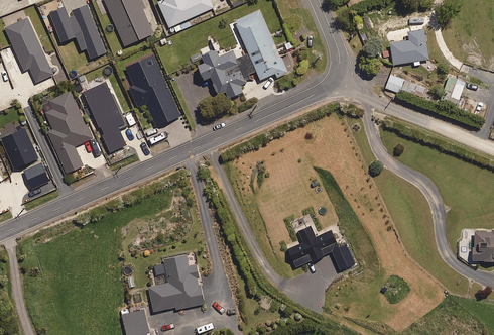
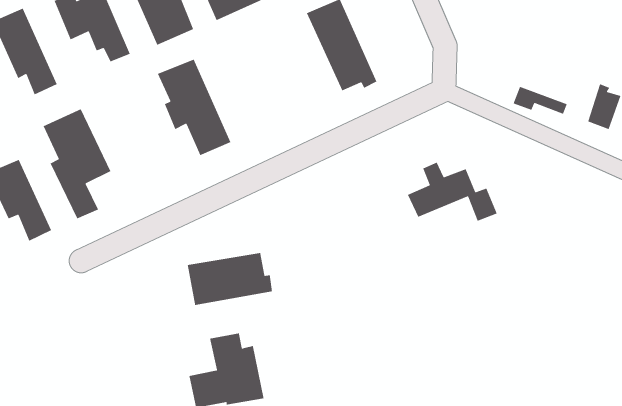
building: [389,29,427,66] -> none
building: [197,49,253,97] -> none
building: [83,81,126,153] -> none
building: none -> [187,252,273,306]
building: [287,225,354,269] -> [407,161,498,222]

